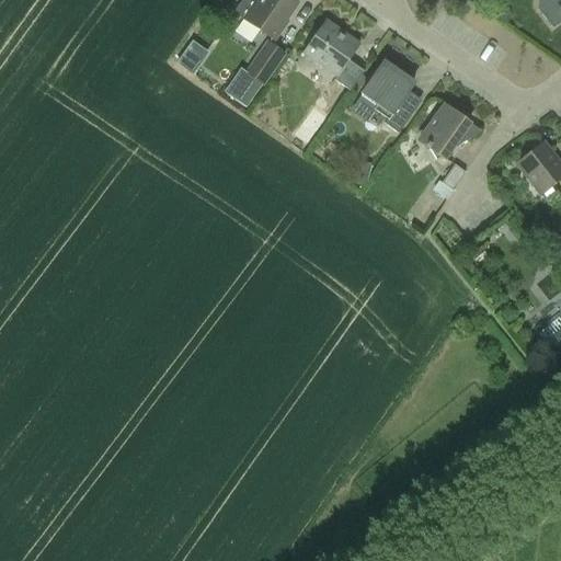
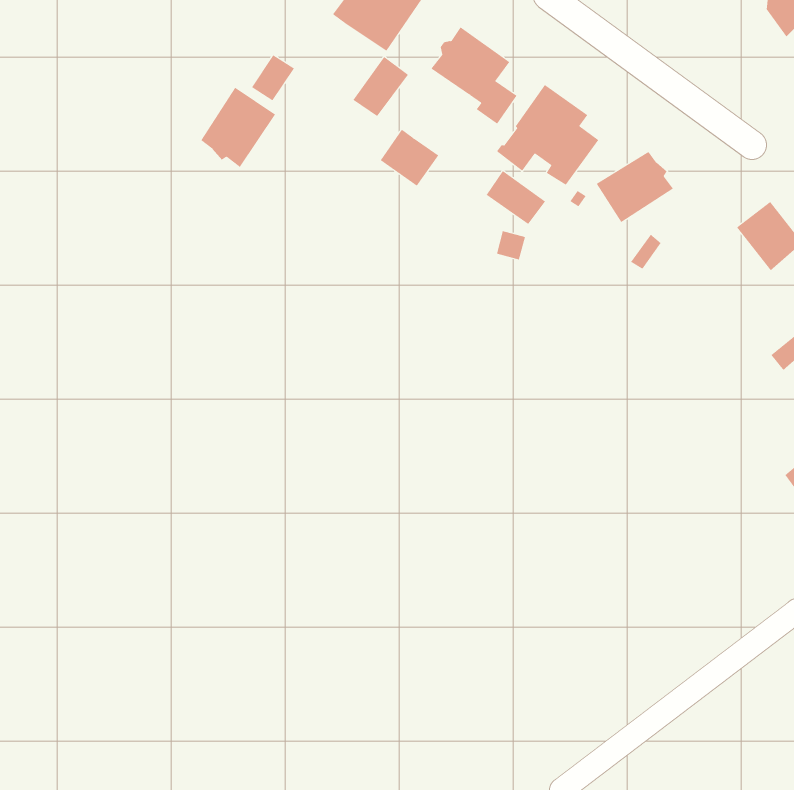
building: none -> [201,87,276,168]
building: [226,64,267,104] -> [380,129,439,187]
building: none -> [486,170,546,225]

